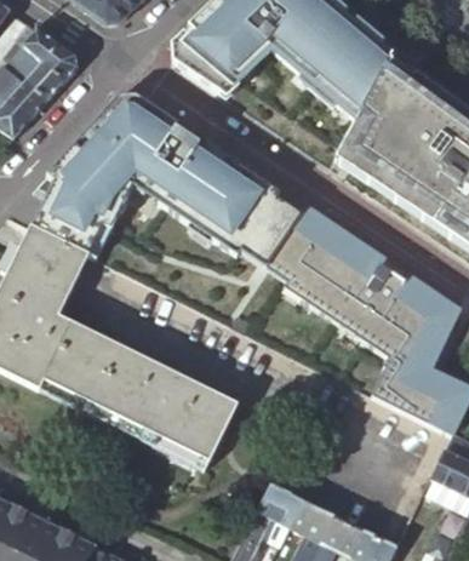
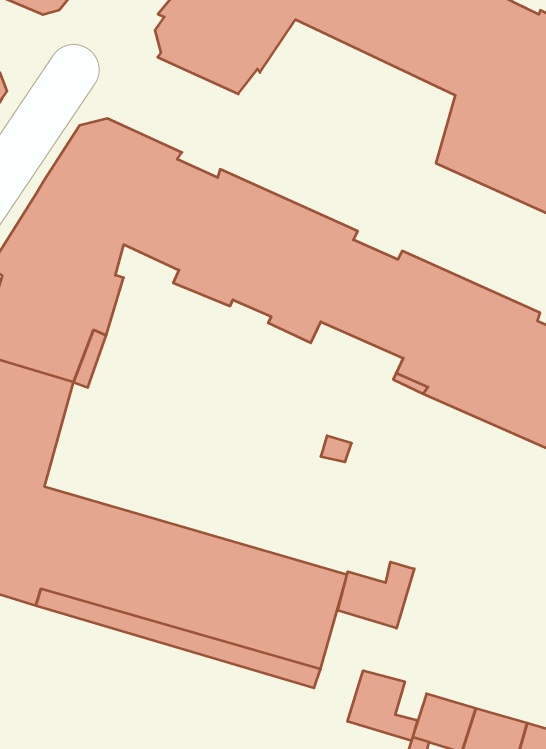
building: none -> [338,562,414,628]
building: none -> [348,671,417,741]

